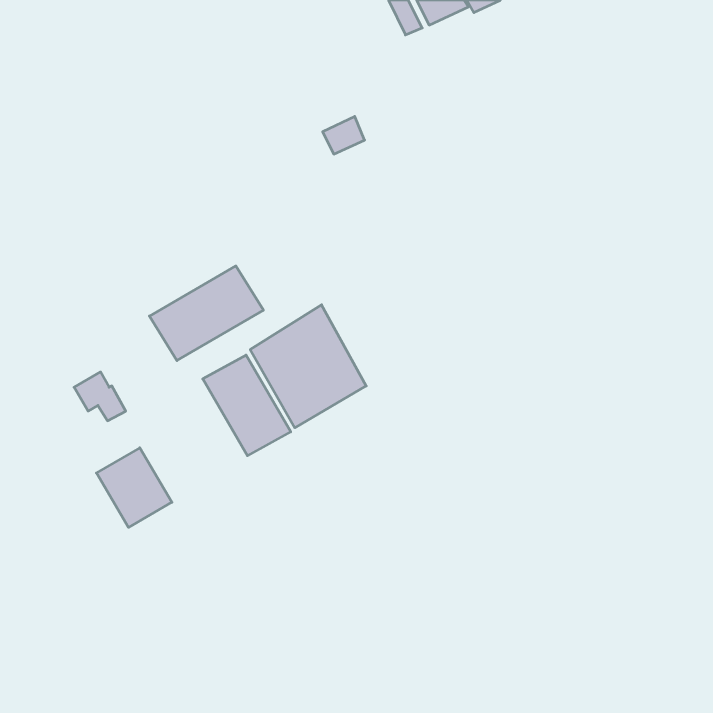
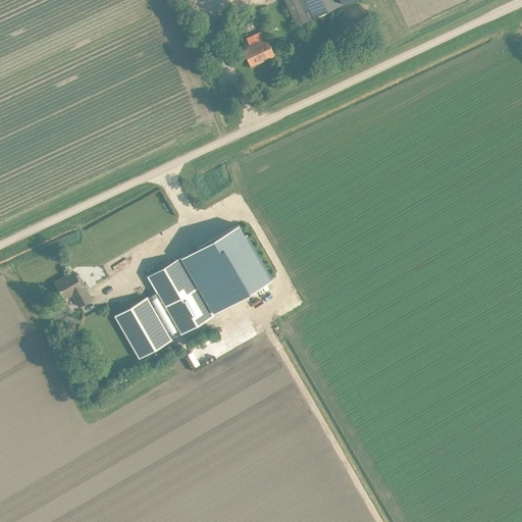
building: [323,116,365,154] -> [244,40,274,67]
building: [149,266,263,361] -> none
building: [96,448,172,527] -> [116,300,171,358]

